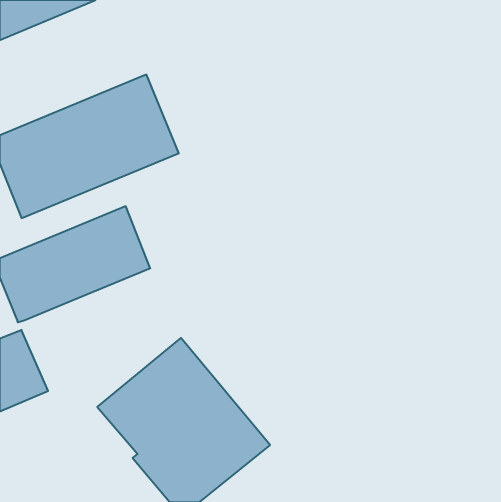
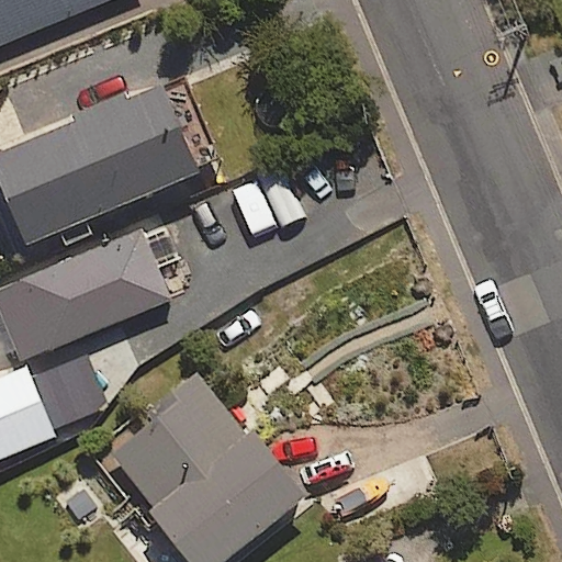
building: none -> [27,336,110,429]

